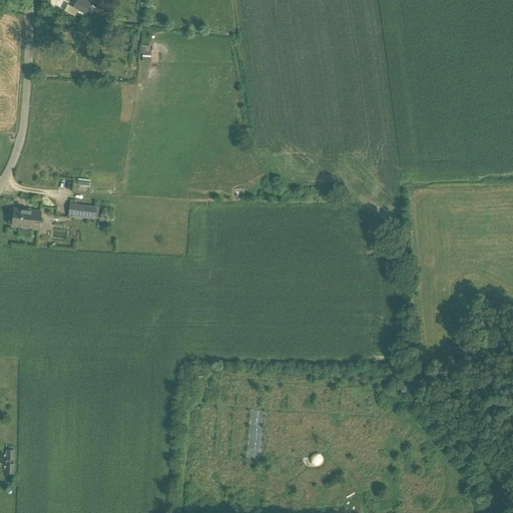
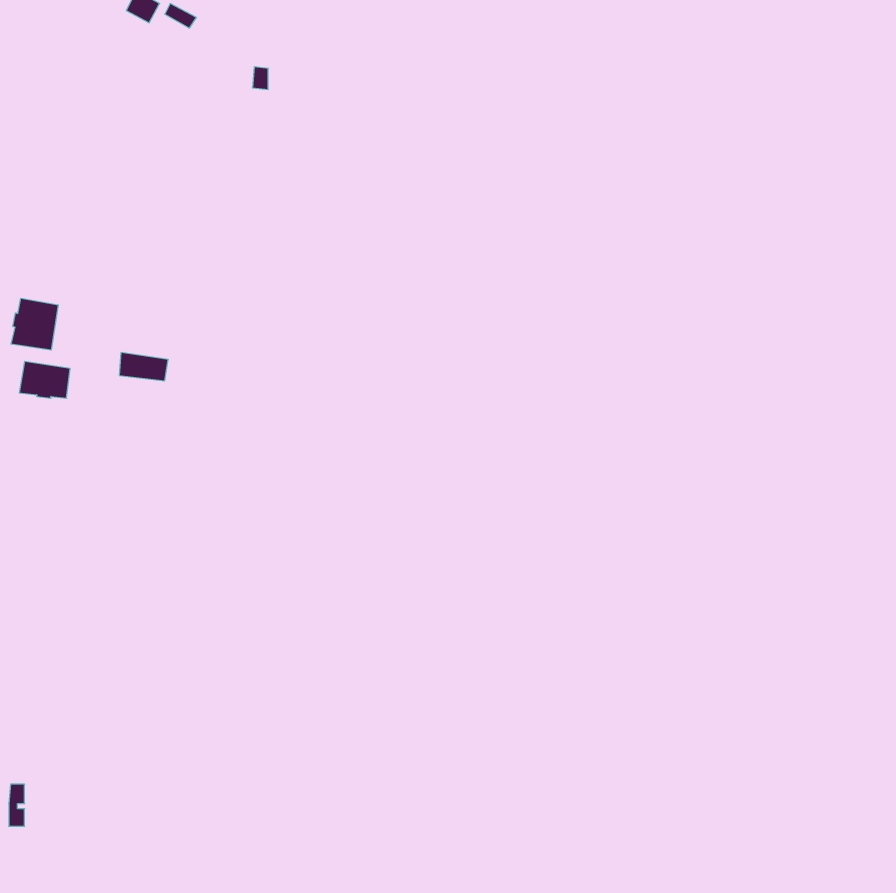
building: none -> [11,298,58,350]

